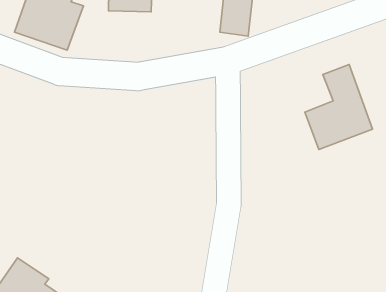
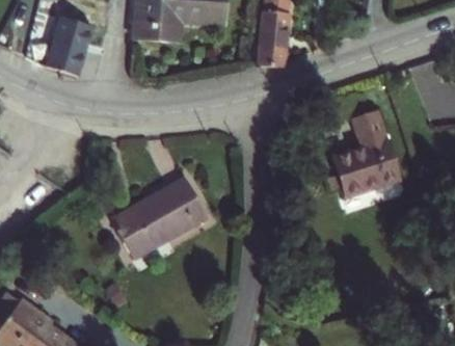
building: none -> [105,181,199,258]

